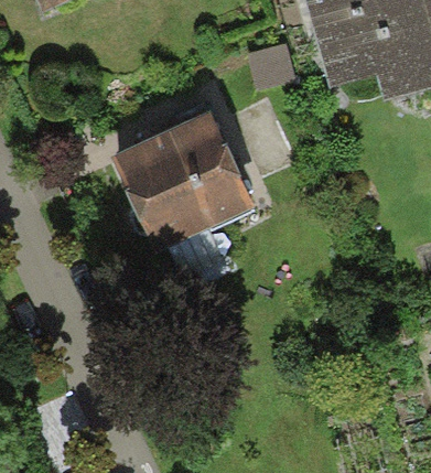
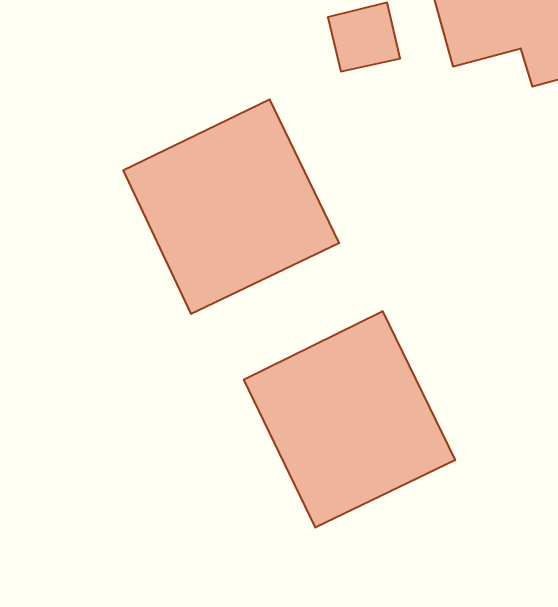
building: none -> [244,311,455,528]

